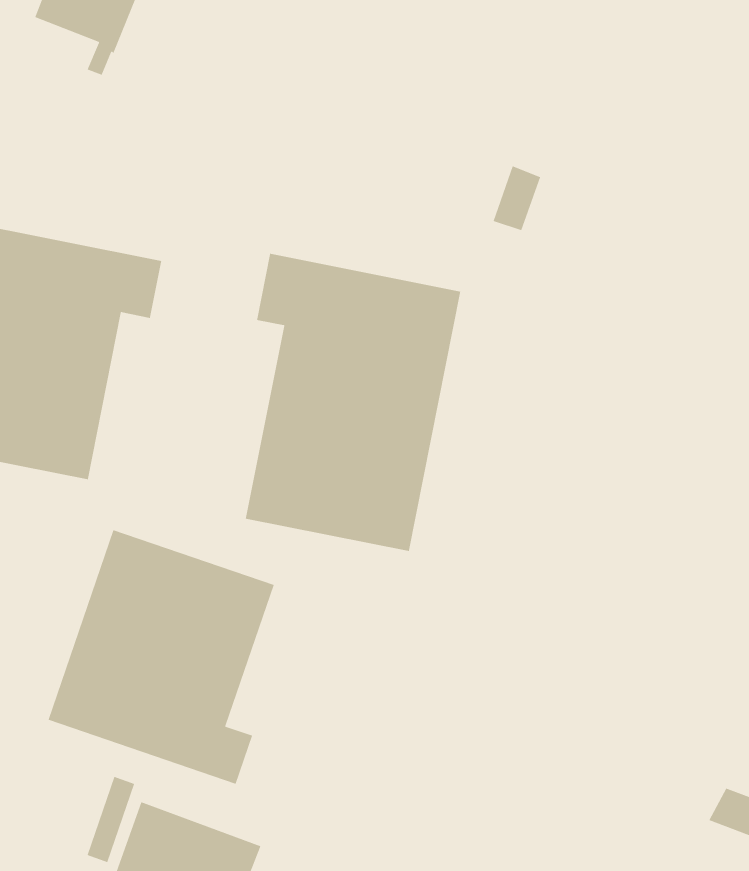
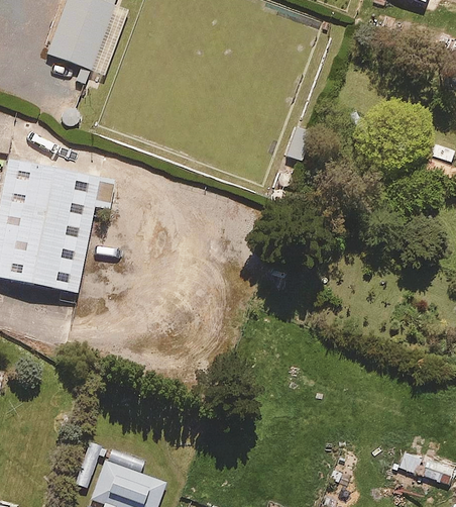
building: [245,253,461,552] -> none
building: [47,529,275,785] -> none

